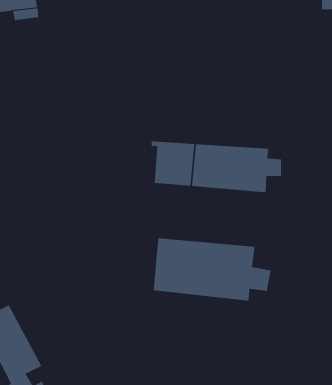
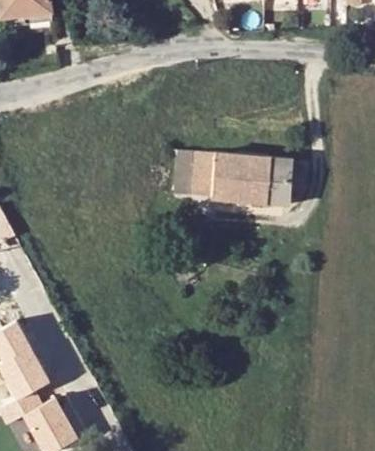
building: [153,237,271,302] -> none

